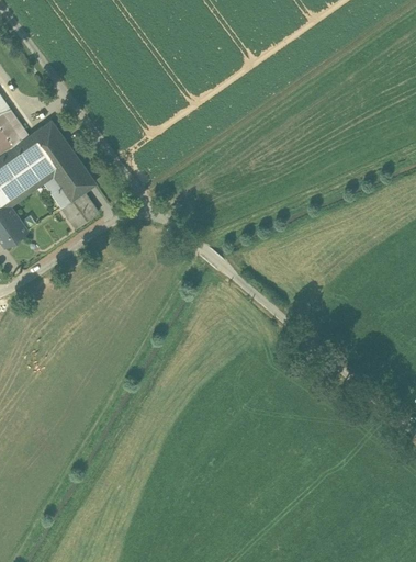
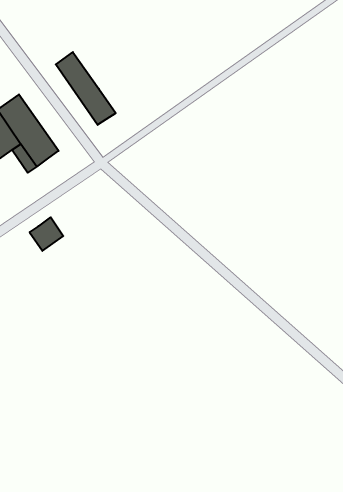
building: none -> [56,52,116,125]
building: [61,190,99,227] -> [30,217,63,251]

